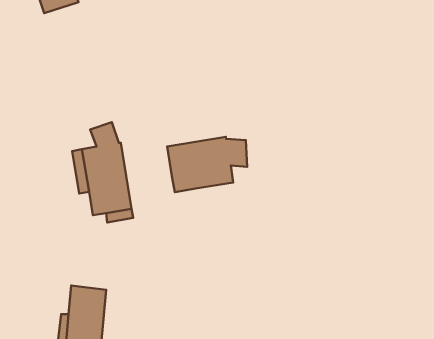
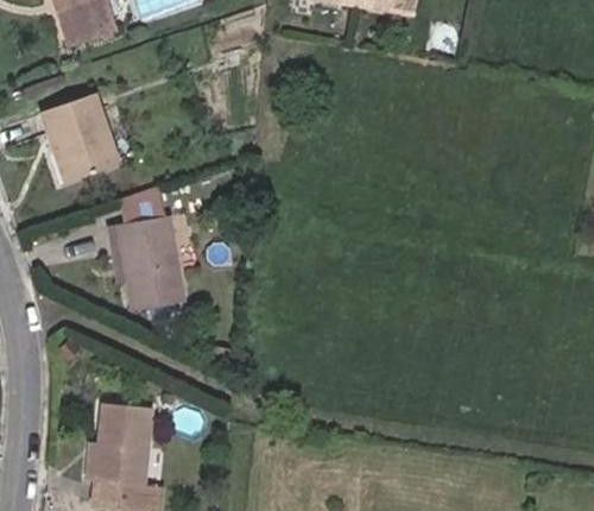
building: none -> [43,95,119,182]
building: [167,137,247,192] -> none

